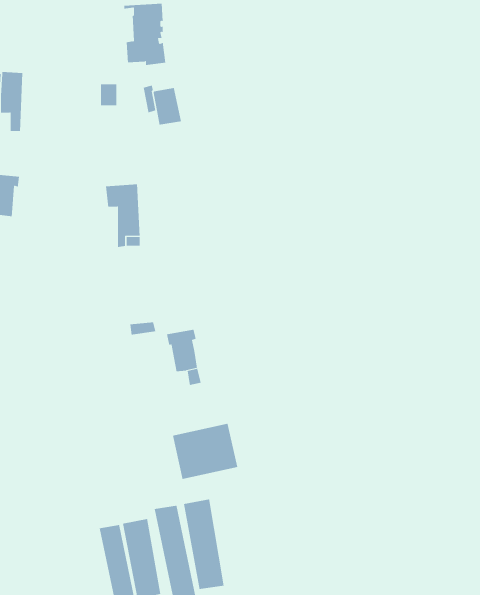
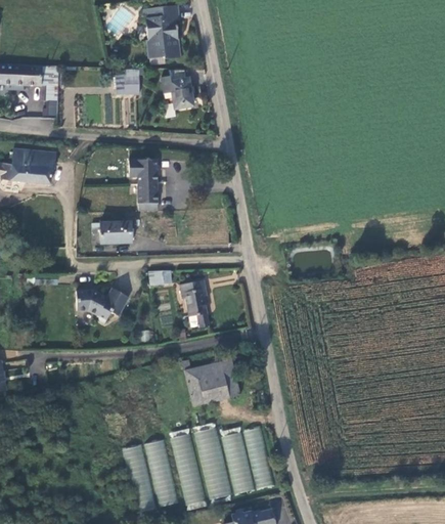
building: none -> [98,220,132,245]
building: none -> [75,289,128,323]
building: none -> [220,426,271,493]

